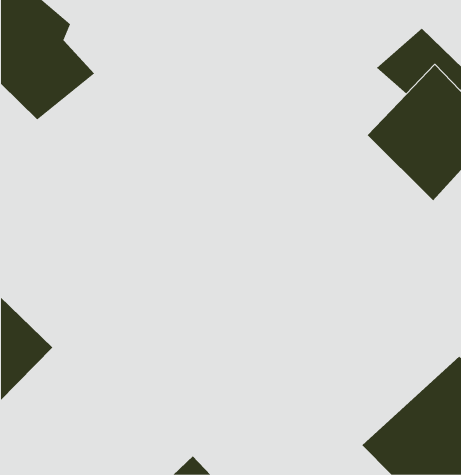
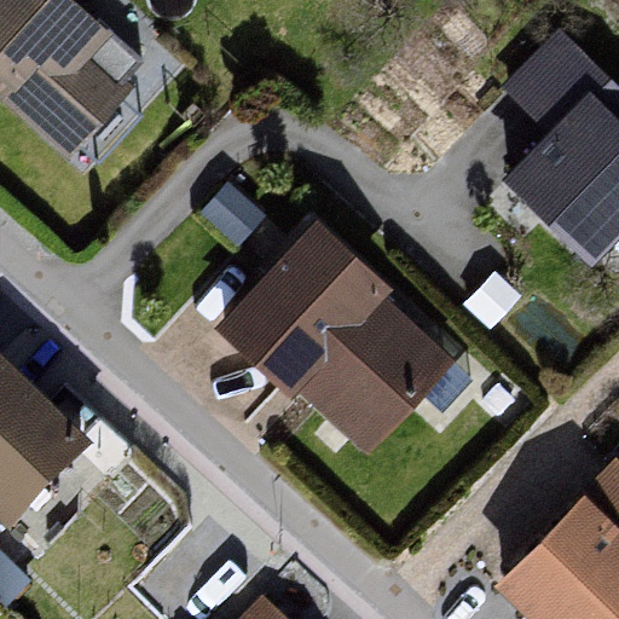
building: none -> [219,214,453,462]

